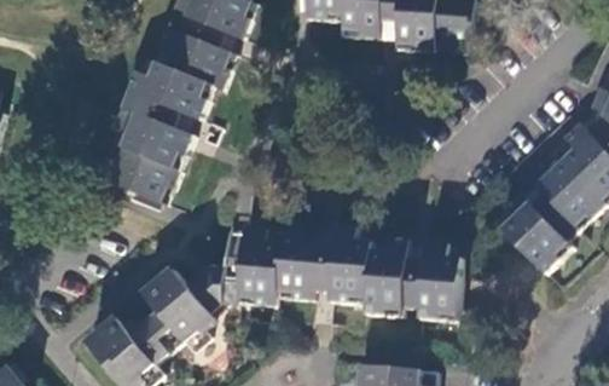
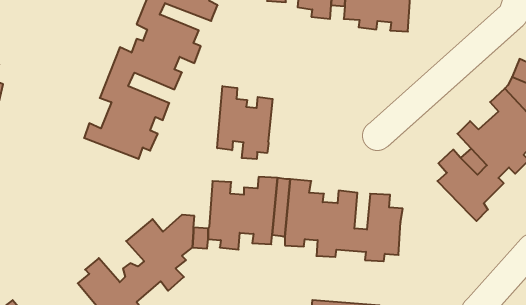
building: none -> [217,86,273,159]

